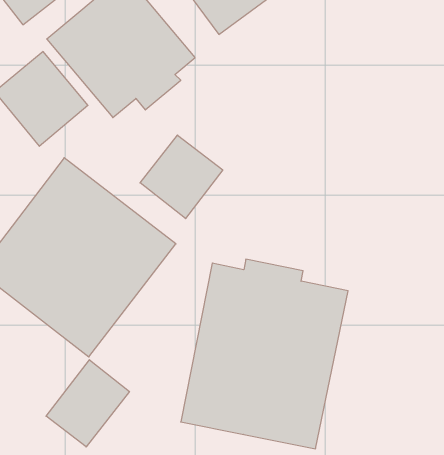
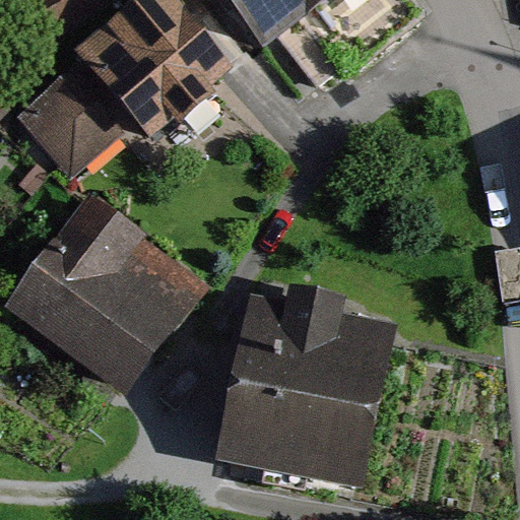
building: [140,135,223,219] -> none
building: [46,360,129,447] -> none

